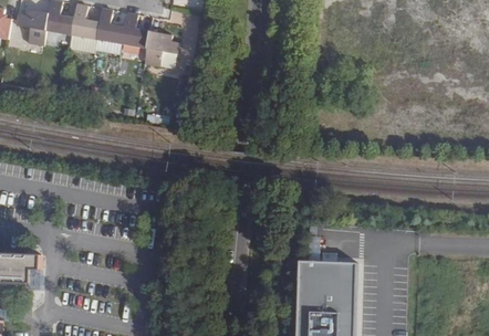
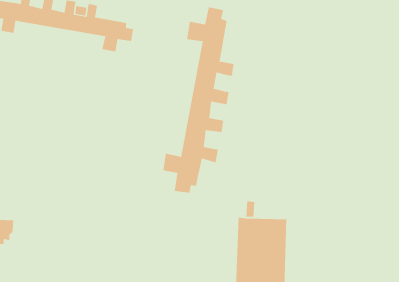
building: none -> [163,6,234,193]

